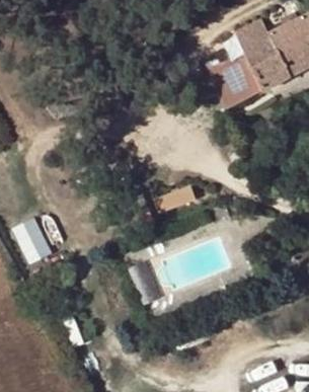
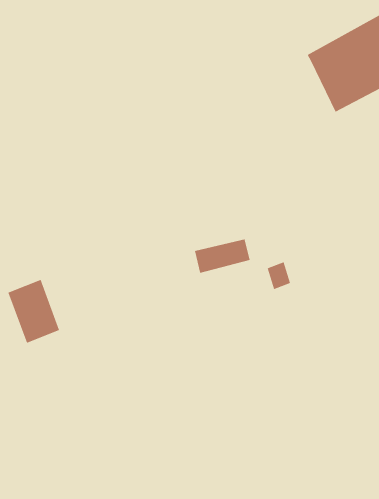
building: [207,51,263,108] -> none

